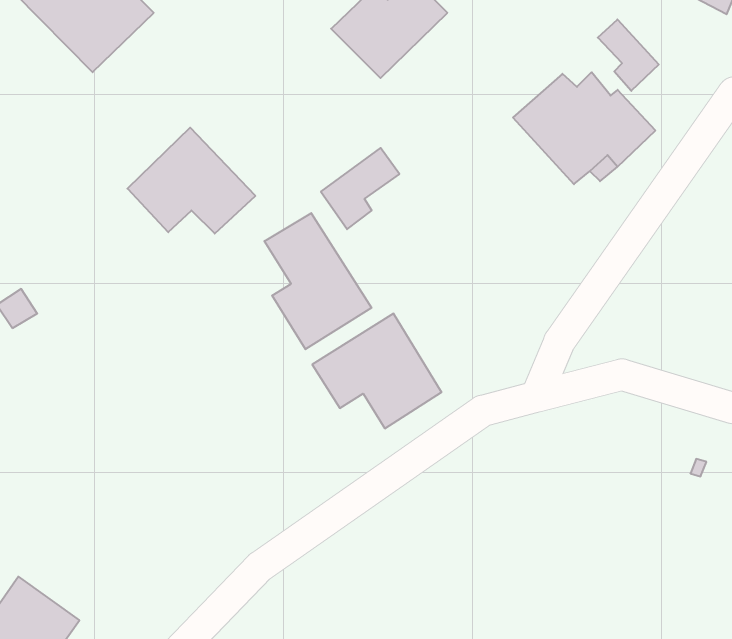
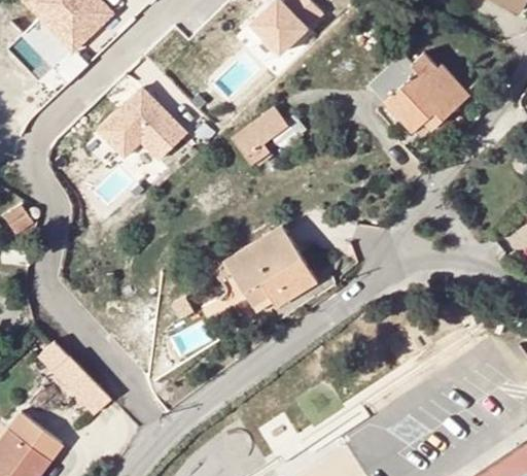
building: [598,19,659,91] -> none
building: [264,213,371,349] -> none
building: none -> [38,341,110,414]

